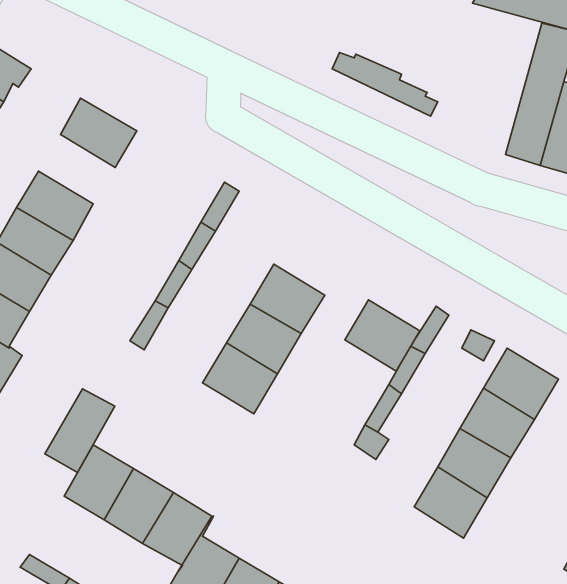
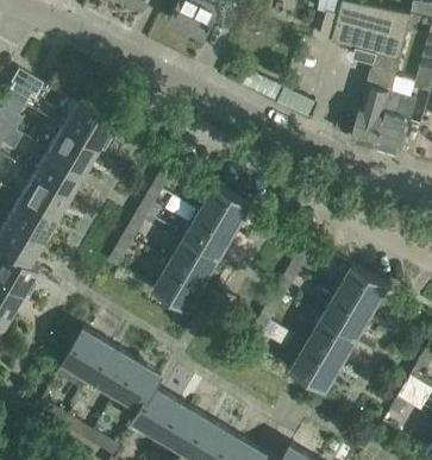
building: none -> [46,128,96,174]
building: [345,300,420,371] -> [200,187,249,233]
building: [45,389,115,472] -> none

